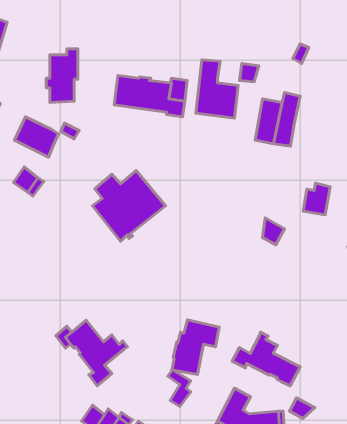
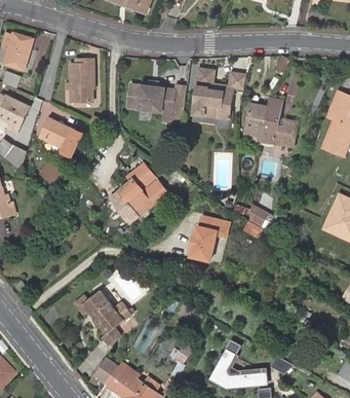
building: [303,183,330,215] -> [274,119,297,146]
building: [172,320,219,375] -> [188,215,228,261]
building: [232,332,300,386] -> none

